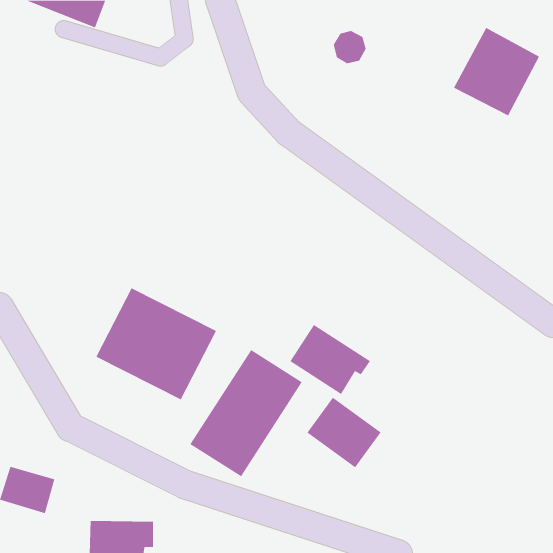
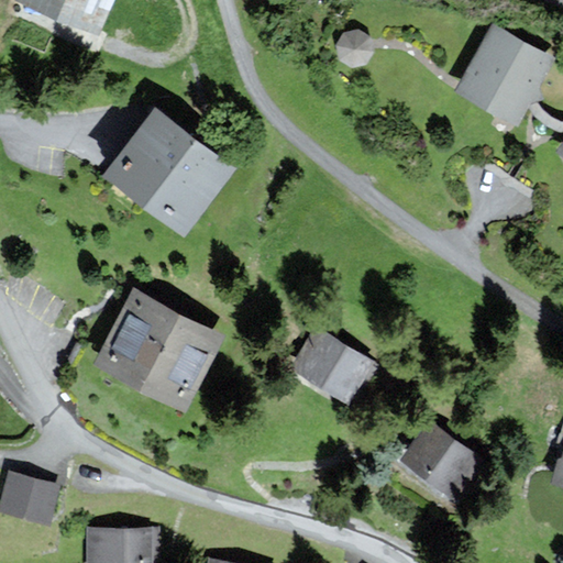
building: none -> [106,110,231,231]
building: [190,349,303,477] -> none
building: [307,397,381,468] -> [404,424,479,497]

